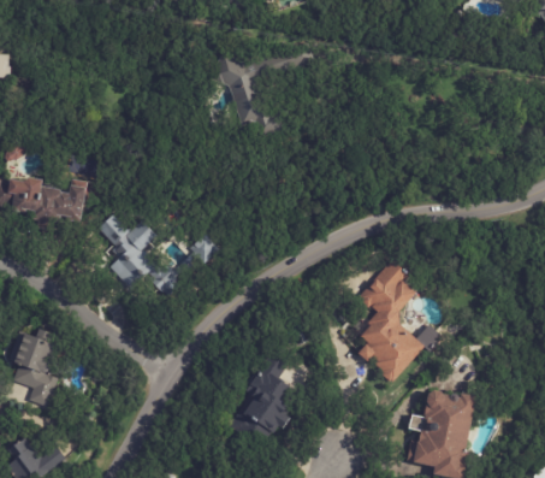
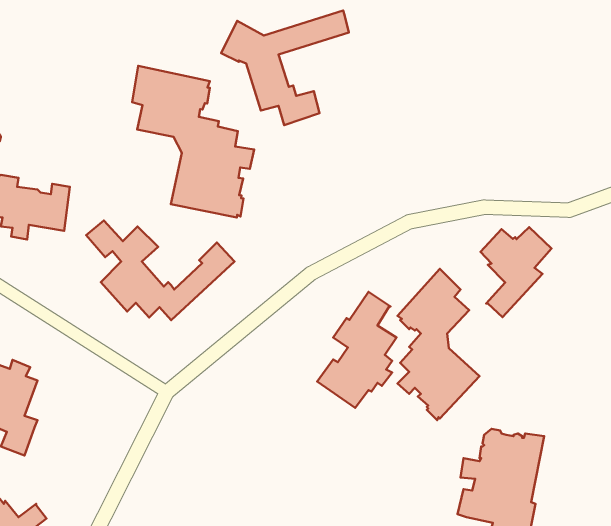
building: none -> [132,66,254,217]
building: none -> [481,227,551,317]
building: [230,353,295,448] -> [317,292,396,408]

